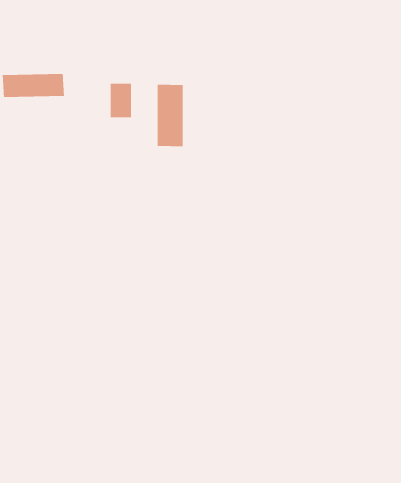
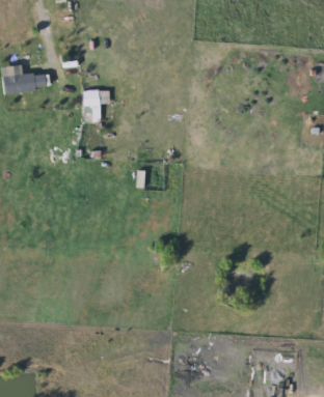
building: [157,84,183,147] -> none

